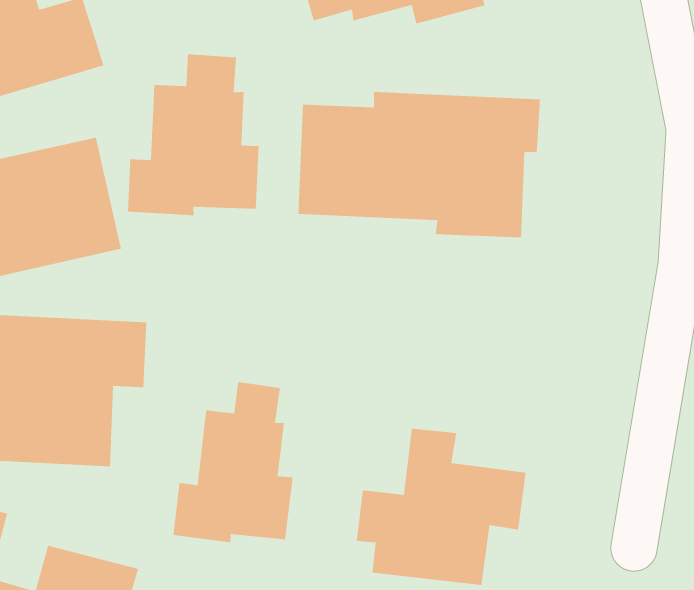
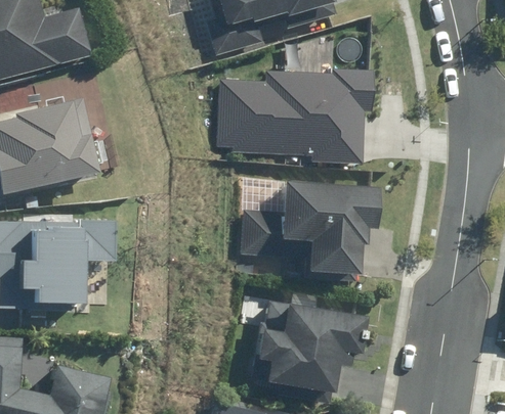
building: [127,54,260,216] -> none
building: none -> [238,181,378,277]
building: [172,381,294,543] -> none

